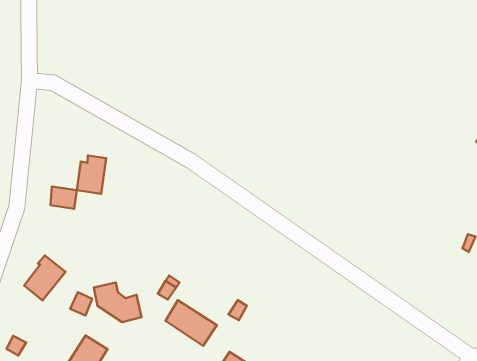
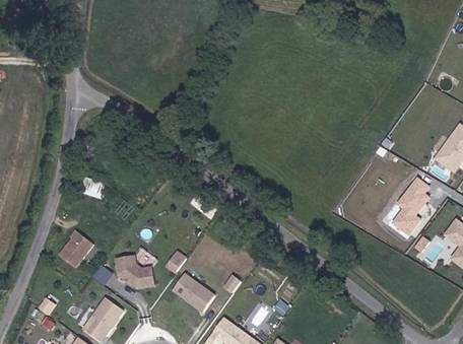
building: [77,155,106,194] -> none
building: none -> [392,179,427,234]

